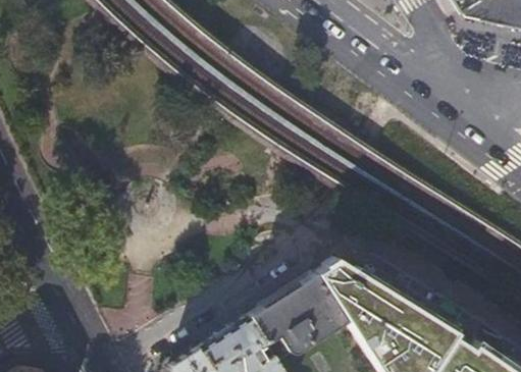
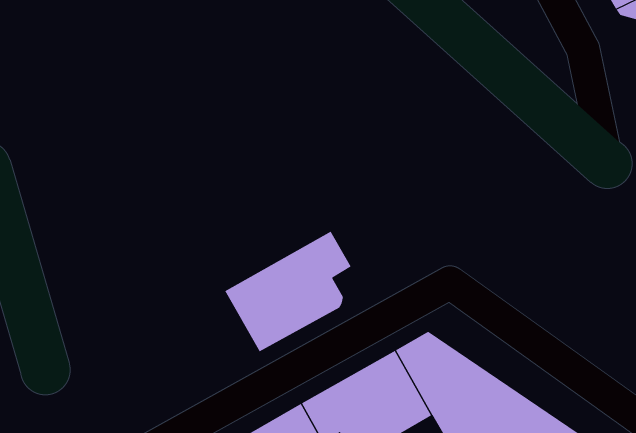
building: none -> [224,231,351,352]

